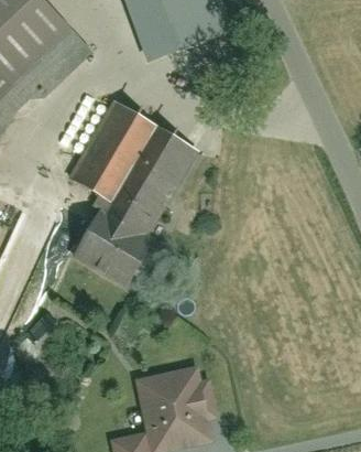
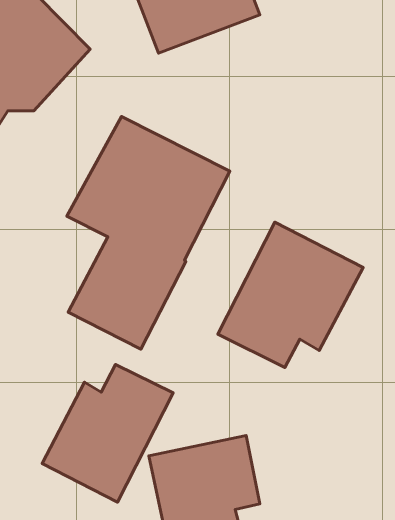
building: none -> [218,222,363,367]
building: none -> [42,365,173,502]

